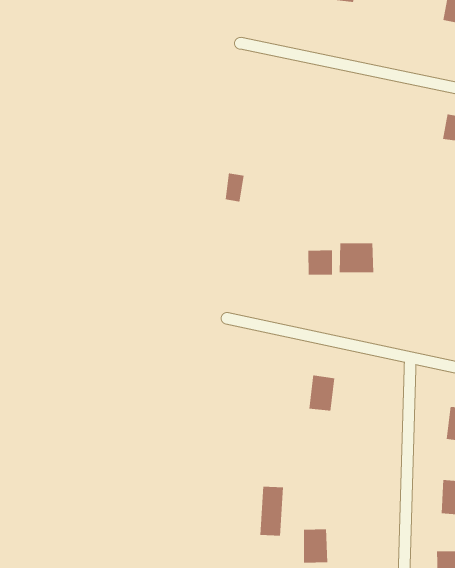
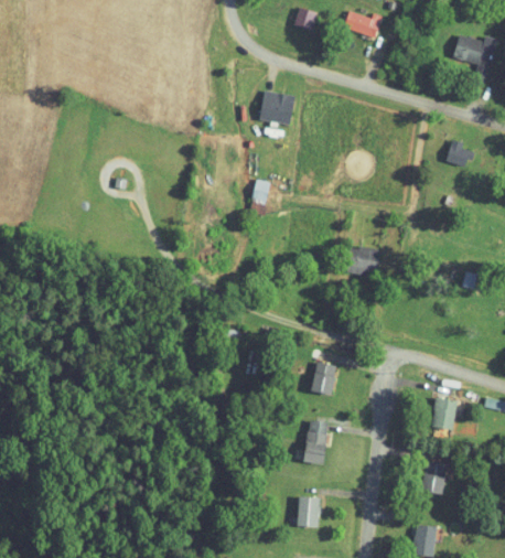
building: none -> [258,92,293,125]
building: [308,250,333,276] -> none
building: [260,486,284,536] -> [303,420,327,465]

